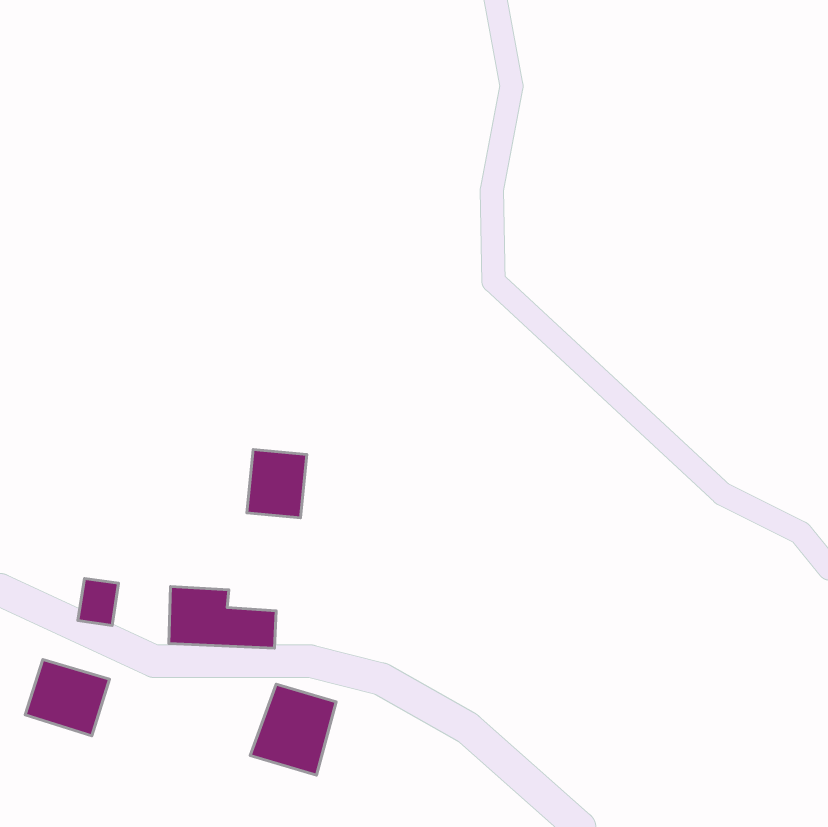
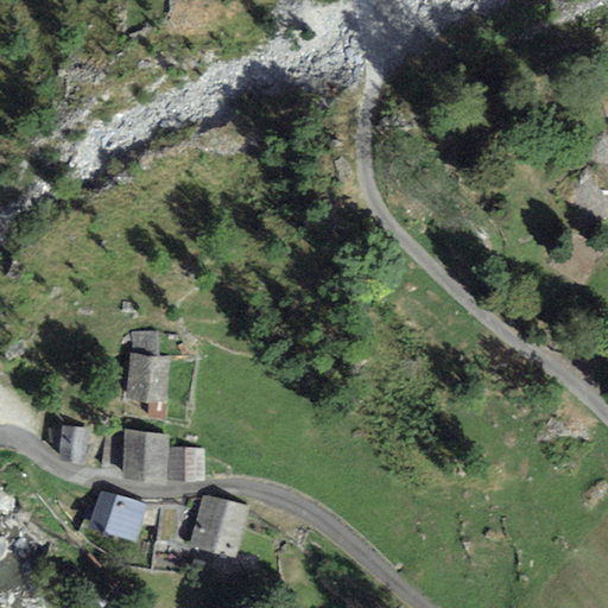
building: [247,450,307,518] -> [126,349,170,399]
building: [25,660,110,736] -> [83,494,145,550]

